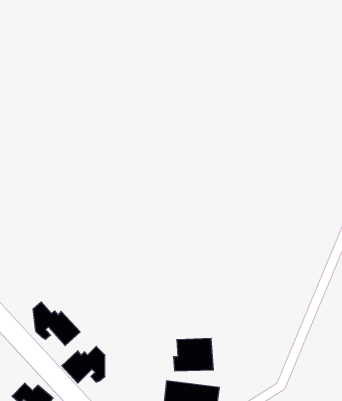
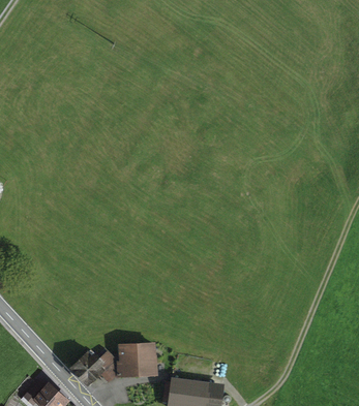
building: [33,302,80,346] -> none
building: [173,339,213,371] -> [116,344,154,375]

